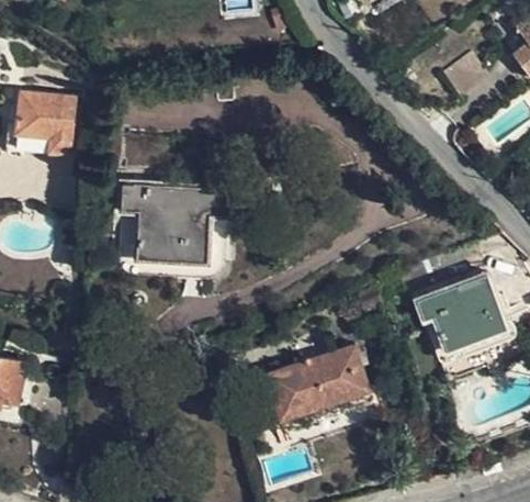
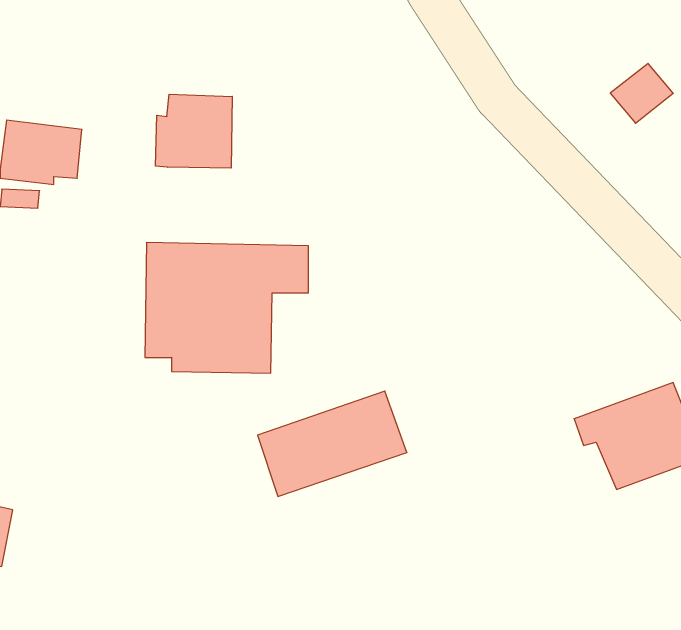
building: none -> [156,94,232,168]
building: [263,348,368,422] -> [258,391,407,496]

